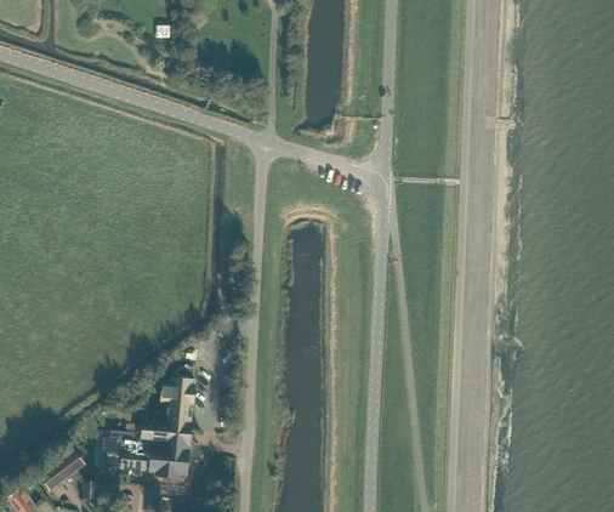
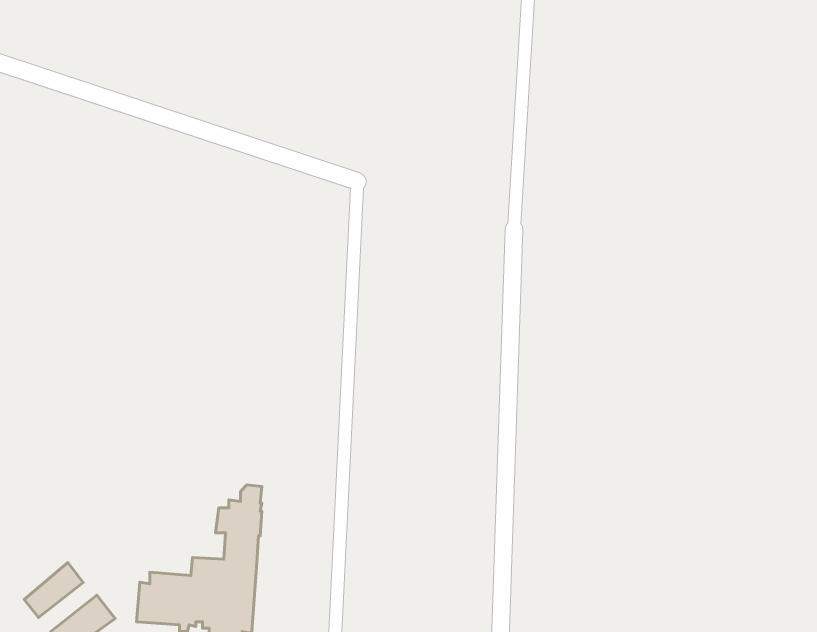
building: none -> [24,563,83,617]

